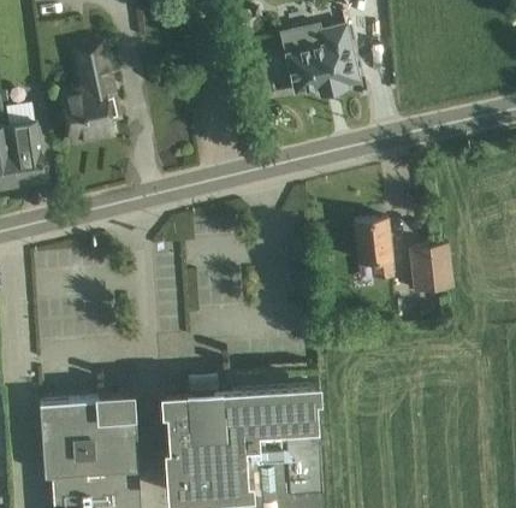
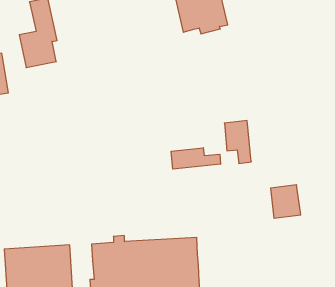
building: [410,246,453,294] -> [271,185,301,218]
building: none -> [171,148,220,169]

